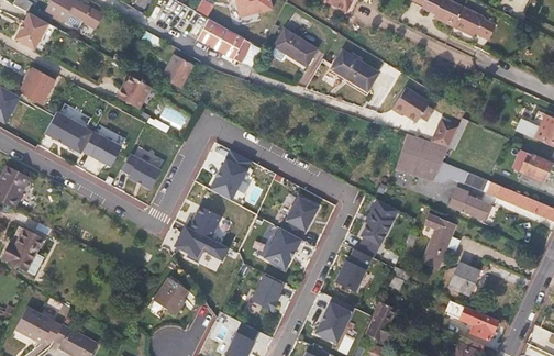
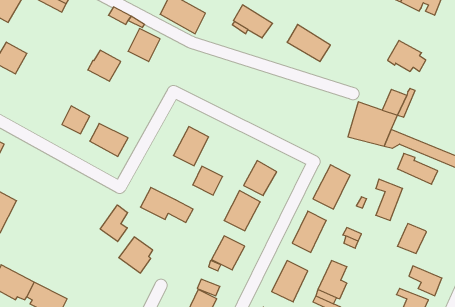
building: [392,87,433,120] -> [388,40,426,71]
building: [44,112,92,153] -> none
building: [190,205,222,236] -> [193,166,223,195]
building: none -> [100,205,128,242]

